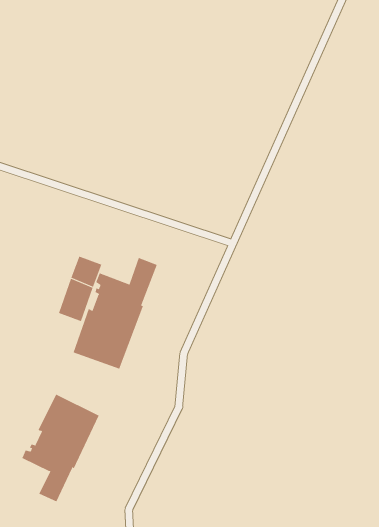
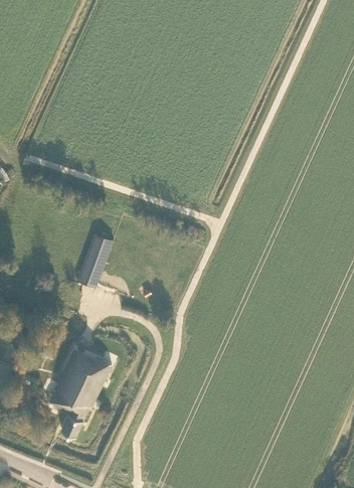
building: [73,257,158,369] -> none

